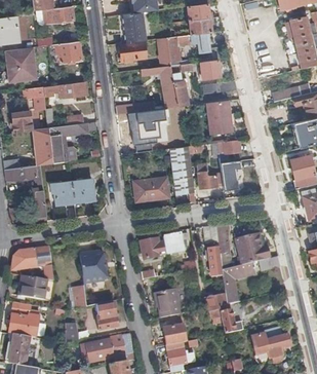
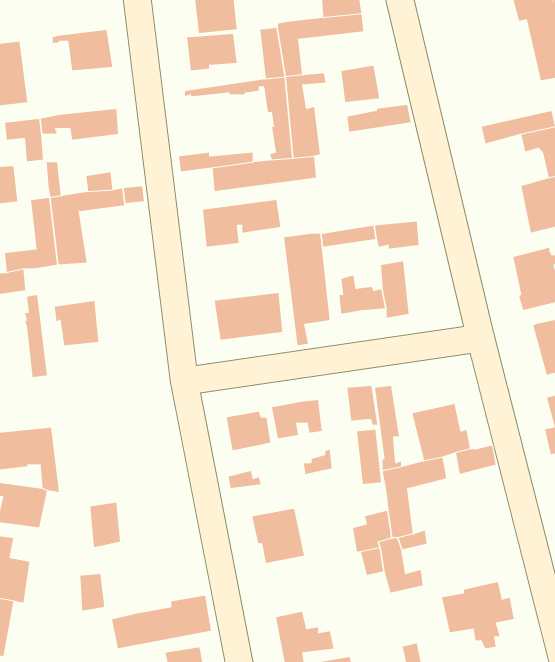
building: [205,100,232,134] -> none
building: [72,179,94,202] -> none
building: [79,251,107,284] -> none
building: [96,301,117,330] -> none
building: [162,324,186,345] -> none

